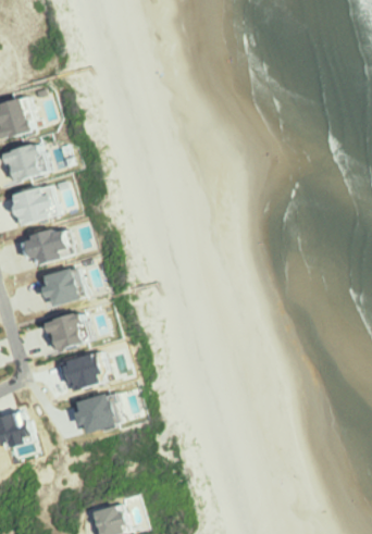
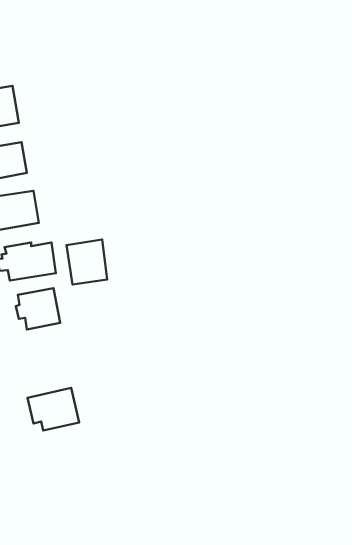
building: none -> [66,240,107,284]
building: [44,311,89,351] -> none
building: [75,393,119,435] -> none

